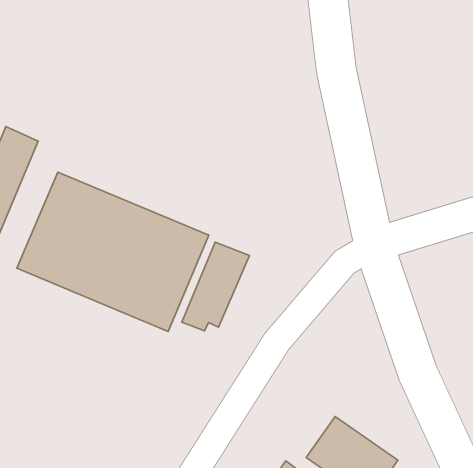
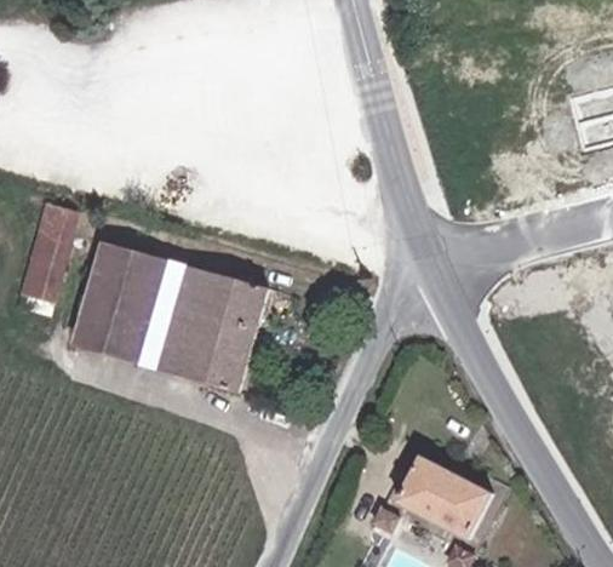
building: [182,242,250,331] -> none

